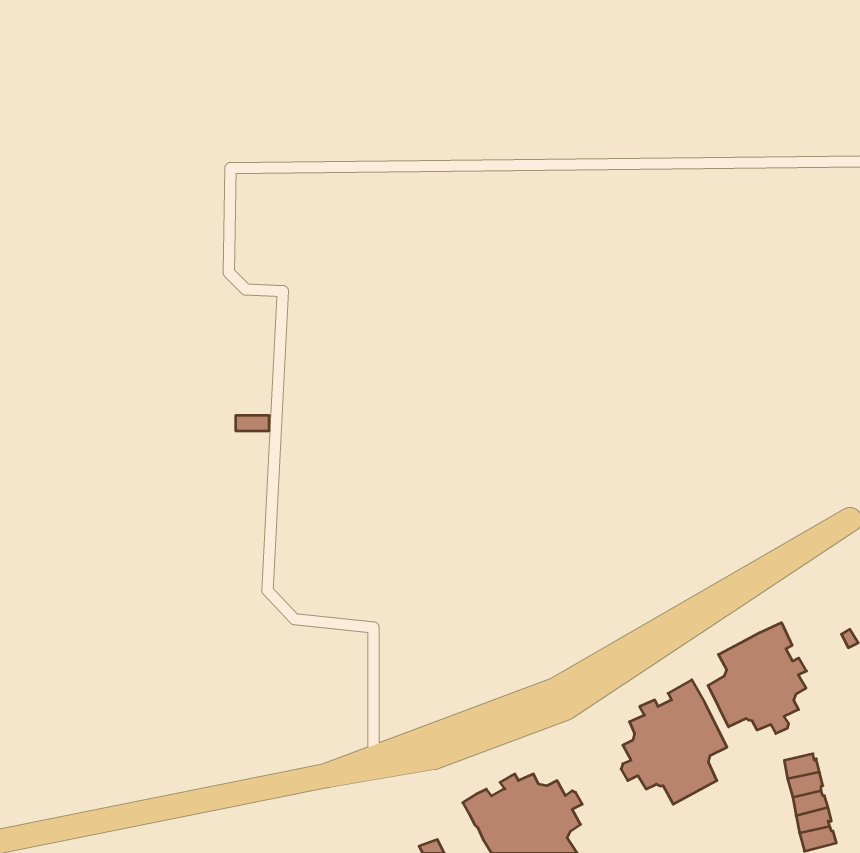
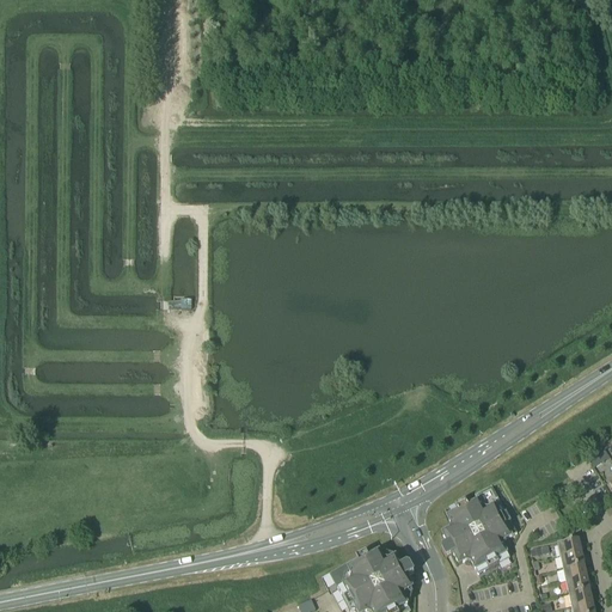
building: [708,623,807,734] -> none

